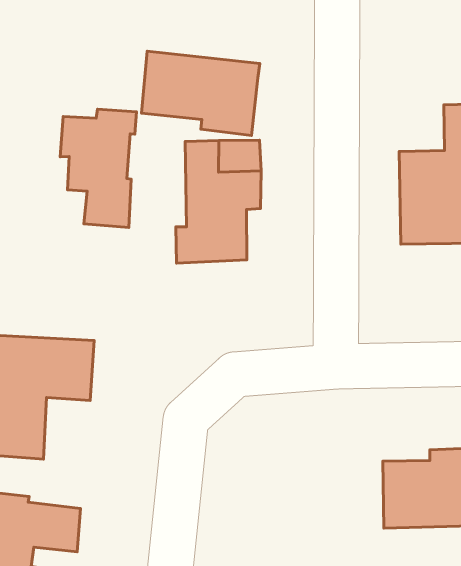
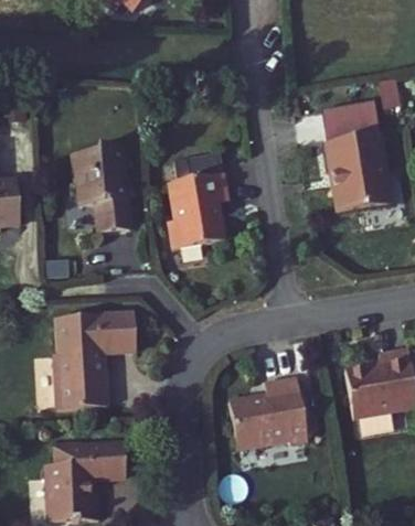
building: [141,51,260,136] -> none
building: none -> [318,107,357,146]
building: none -> [228,371,311,440]

